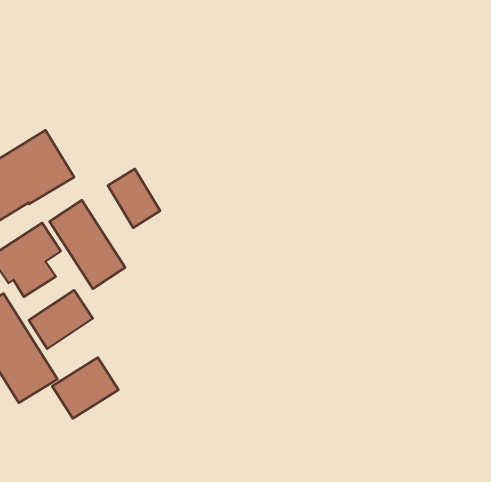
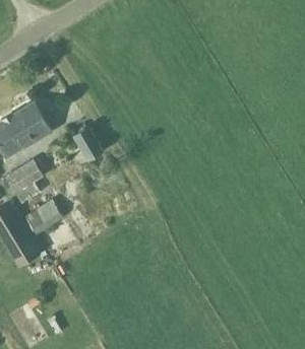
building: [49,200,125,289] -> none
building: [52,358,118,418] -> none

